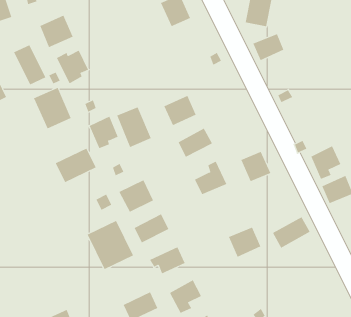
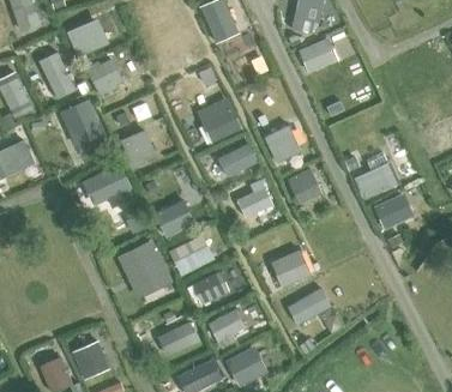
building: [116,106,152,148] -> none
building: none -> [265,125,301,162]
building: [272,217,311,248] -> [289,289,331,324]

